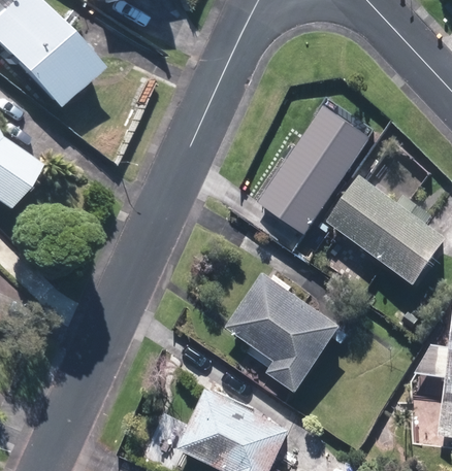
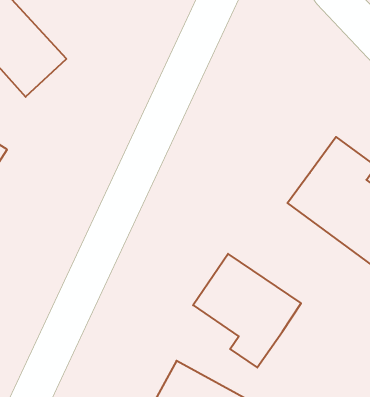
building: [259,102,374,234] -> none

